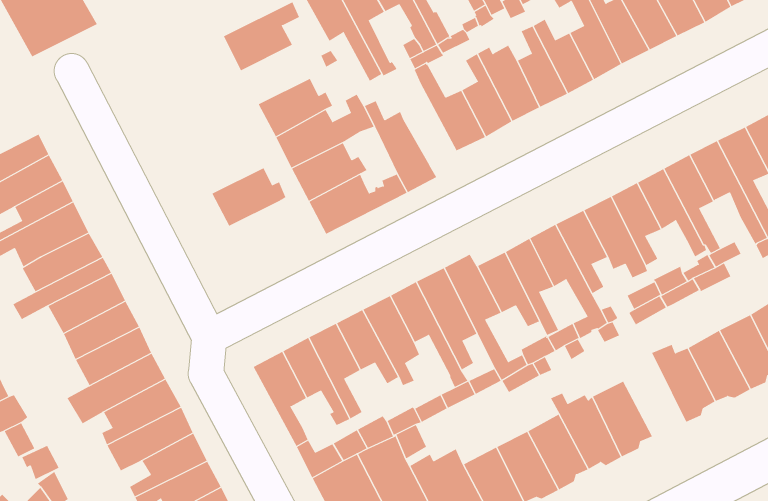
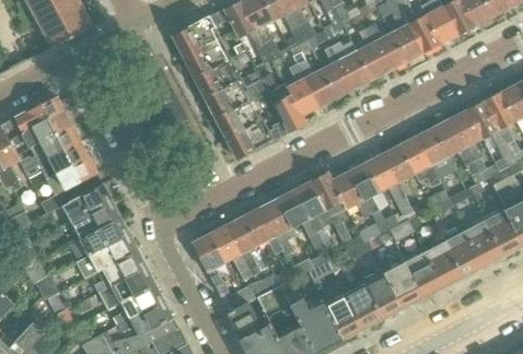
building: none -> [287,64,319,116]
building: [212,167,286,227] -> [184,40,231,78]
building: none -> [425,240,464,286]

